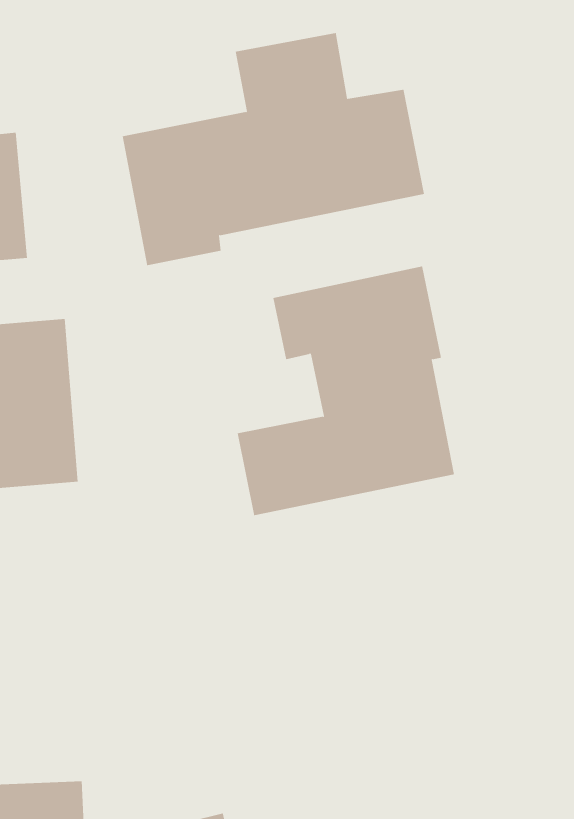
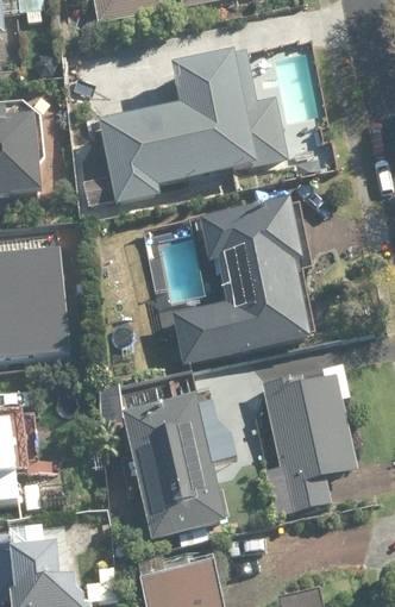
building: none -> [264,362,360,512]
building: none -> [120,395,221,537]

